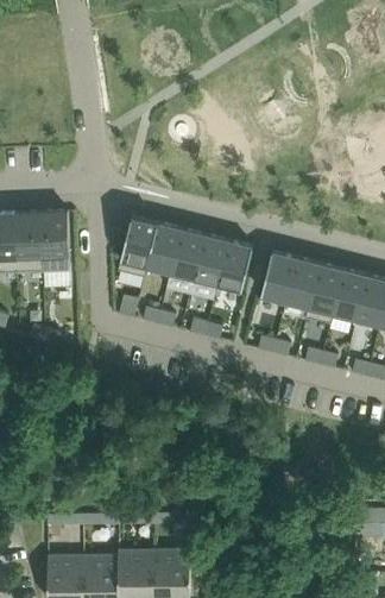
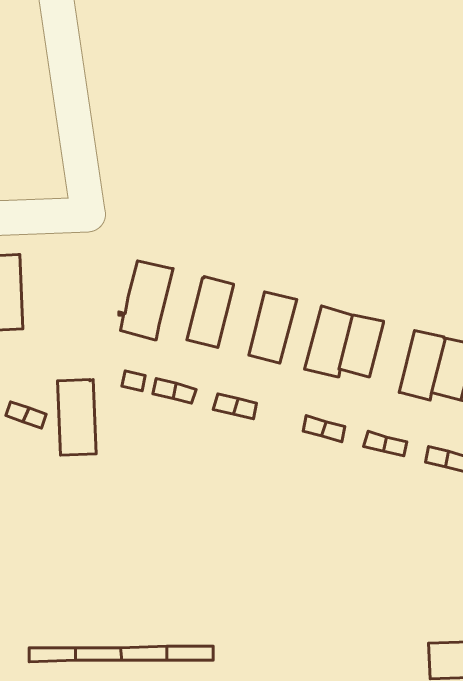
building: [40,210,70,269] -> [57,379,96,455]
building: [147,222,181,271] -> none
building: [192,234,228,289] -> none
building: [305,264,343,323] -> none

